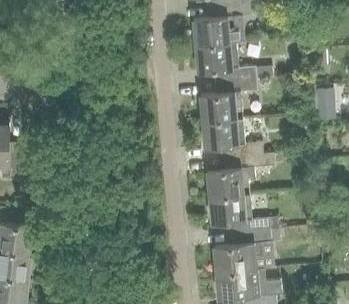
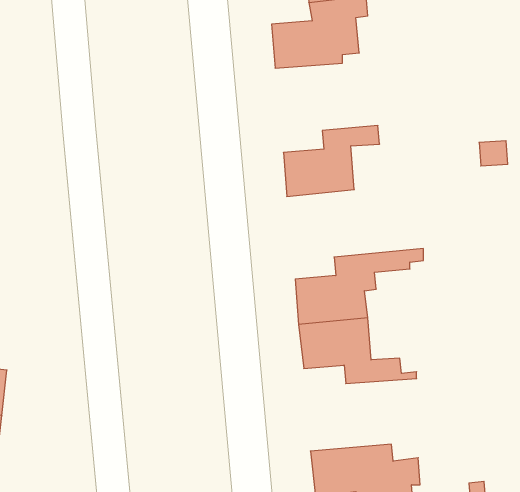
building: [194,44,272,84] -> none
building: [201,119,282,159] -> none
building: [213,231,279,274] -> none

